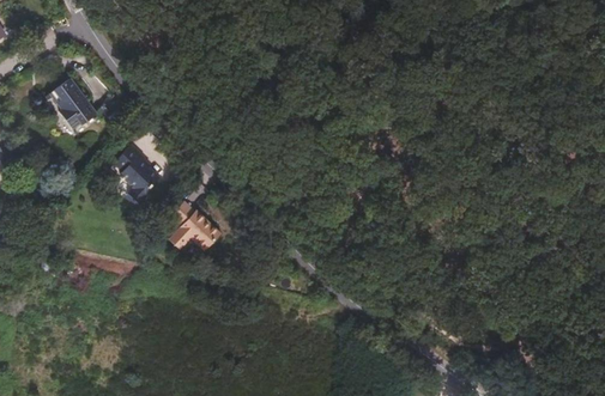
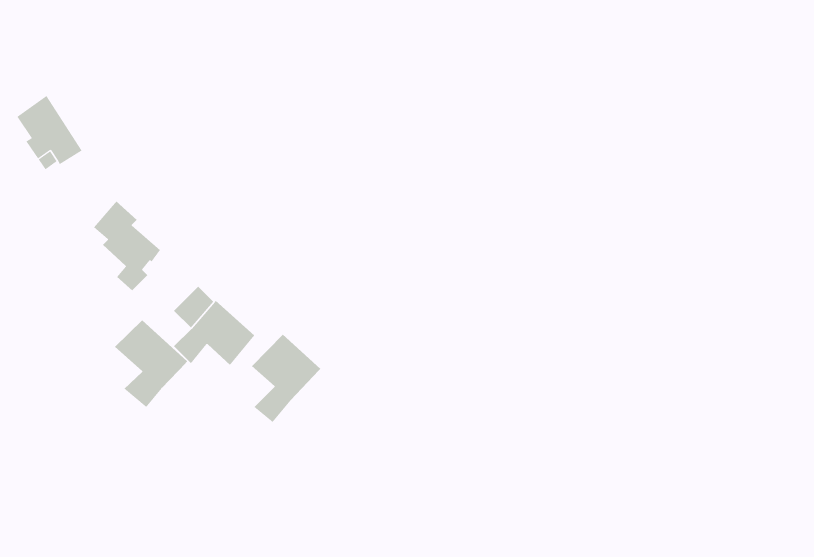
building: none -> [114,319,188,408]
building: none -> [251,334,321,423]

